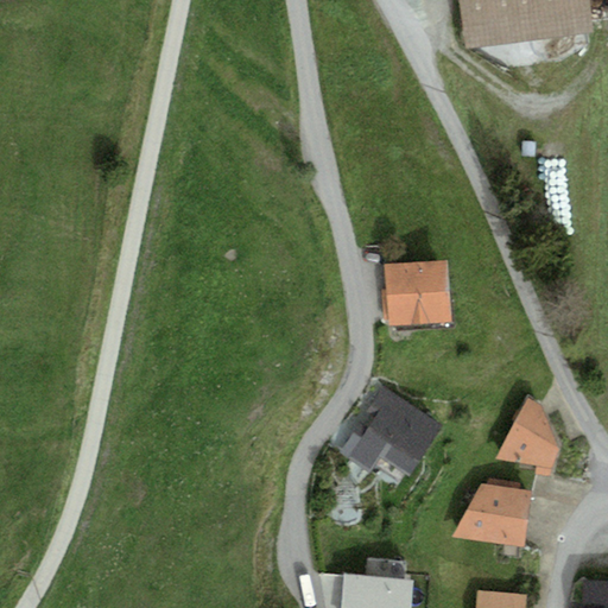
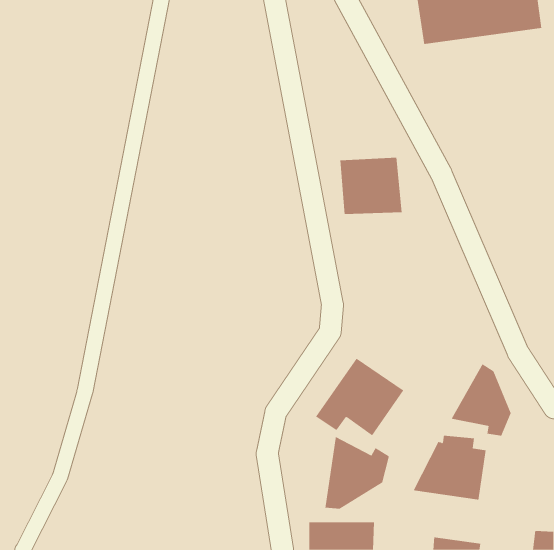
building: [382,261,451,324] -> [340,157,403,215]
building: none -> [325,436,389,510]

